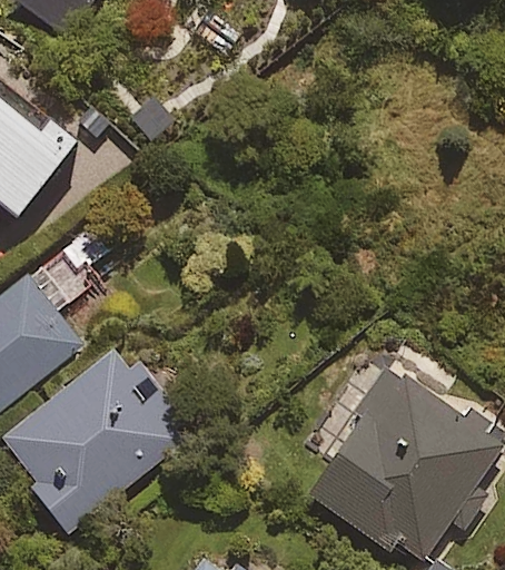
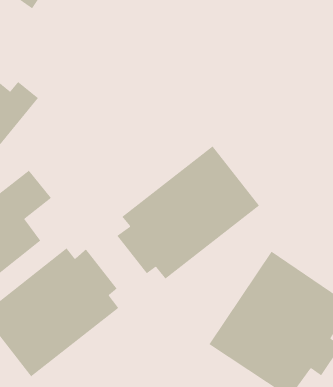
building: none -> [117,145,260,280]

